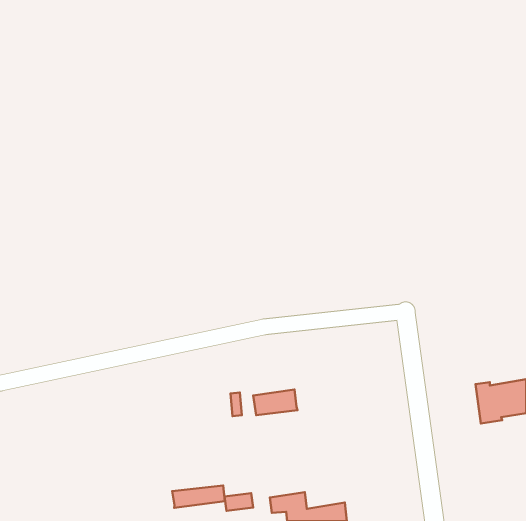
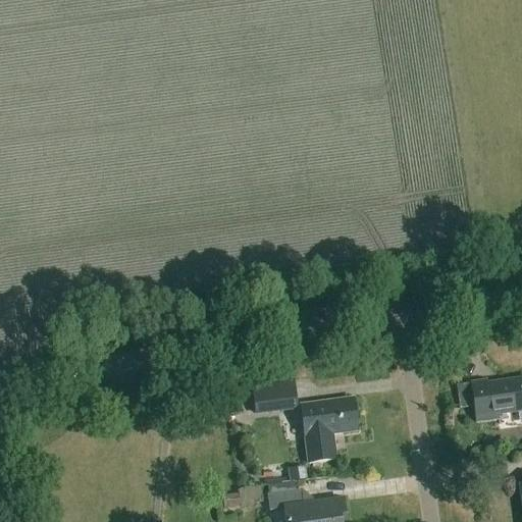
building: none -> [301,398,357,462]
building: [172,485,225,508] -> none

